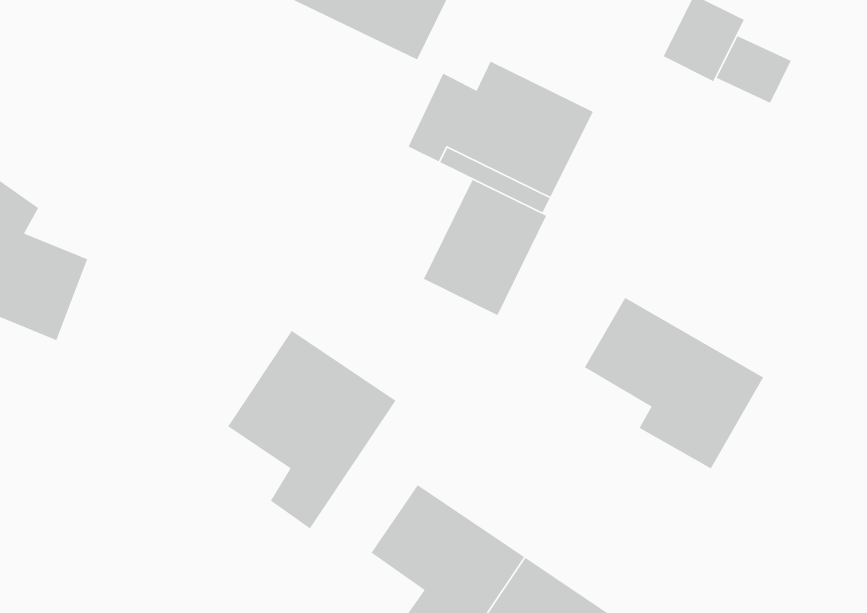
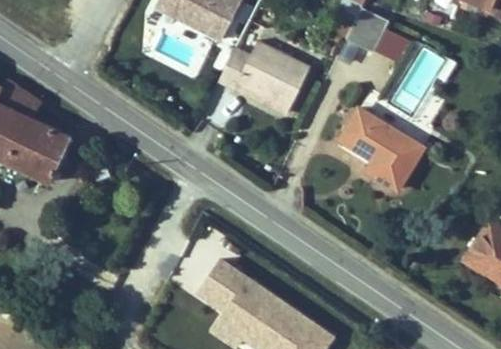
building: [423,179,547,316] -> none
building: [584,297,764,469] -> [336,101,428,189]
building: [227,330,396,530] -> none

